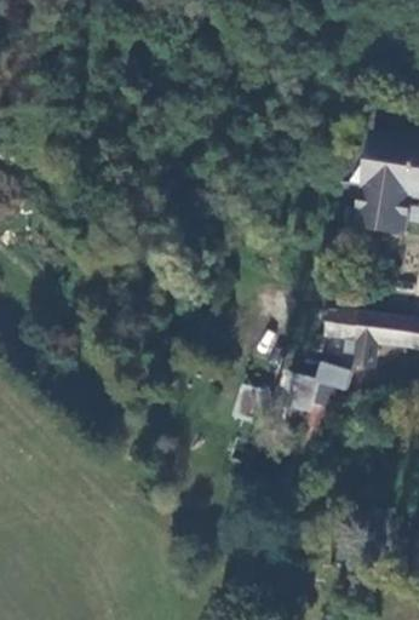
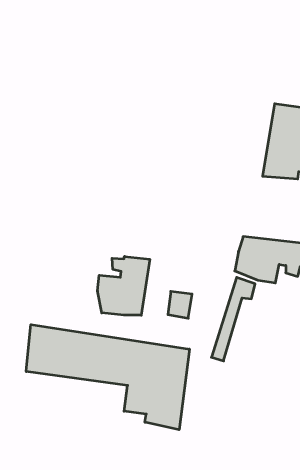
building: none -> [98,256,150,315]
building: none -> [26,325,189,430]

